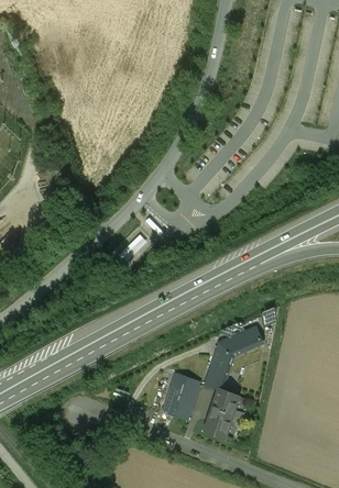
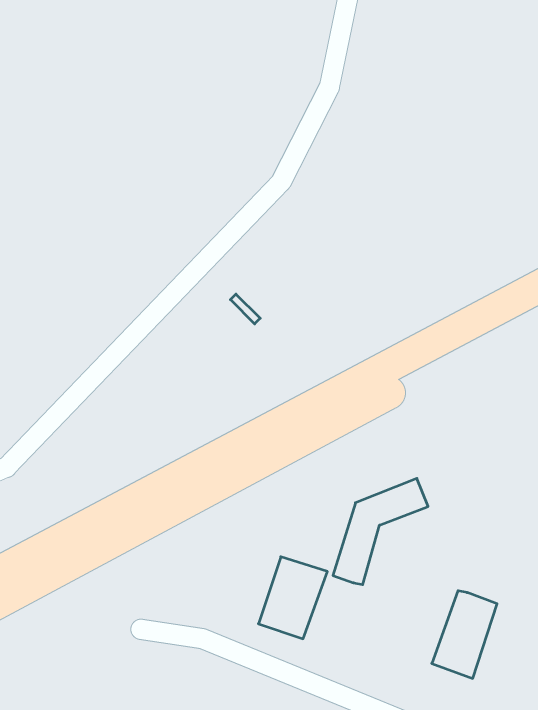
building: [203,388,241,440] -> [432,591,497,678]

